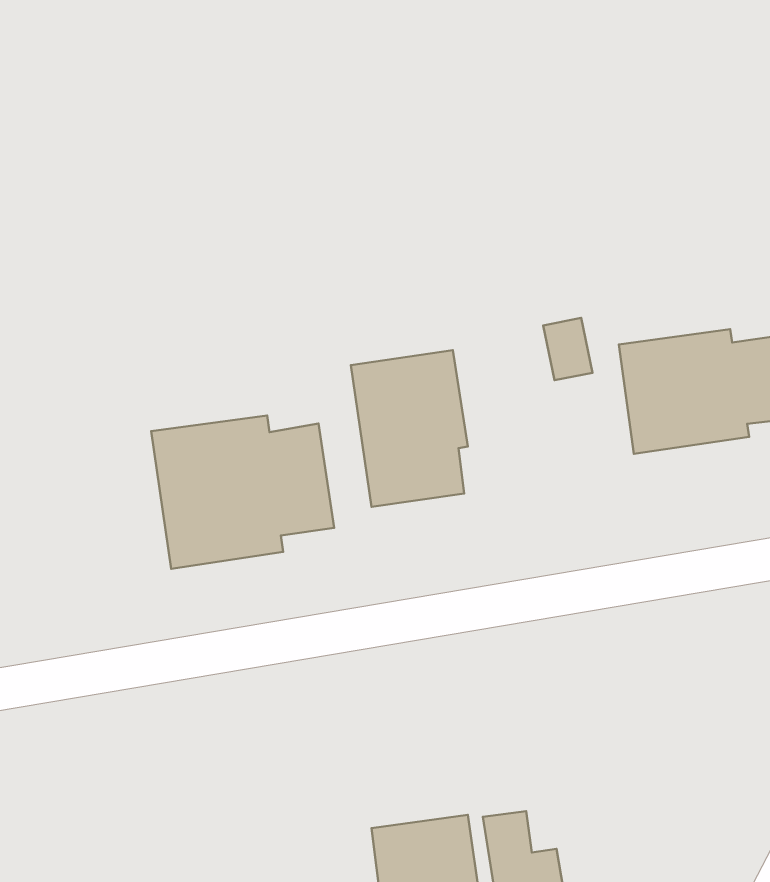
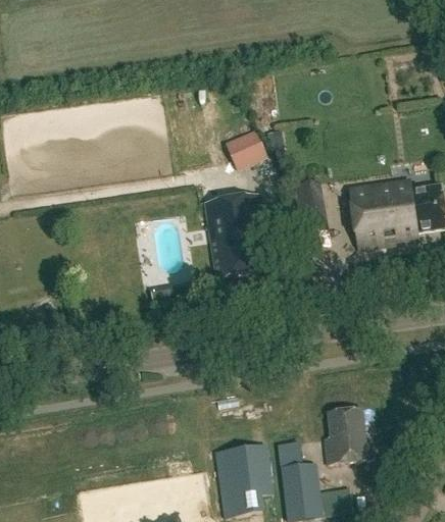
building: none -> [224,129,268,173]
building: [151,416,334,569] -> none
building: none -> [325,406,376,462]

